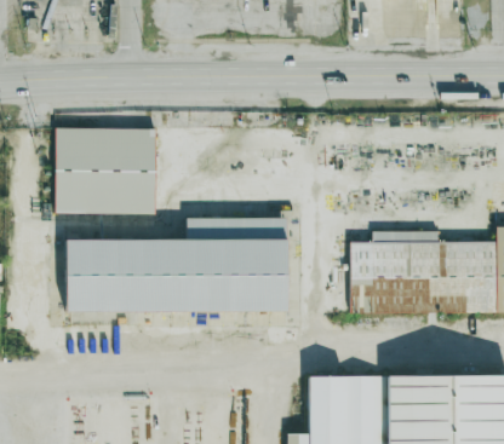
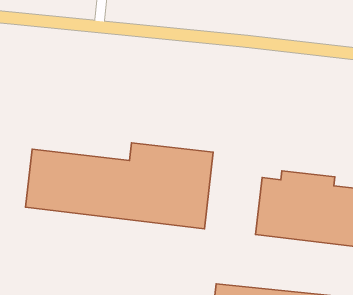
building: [56,128,156,214] -> none

